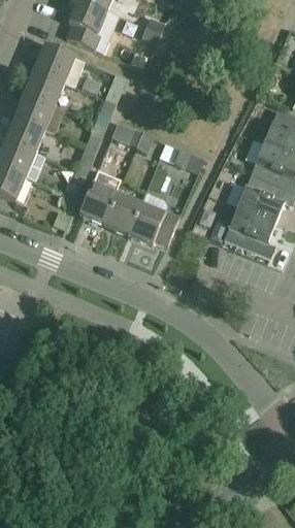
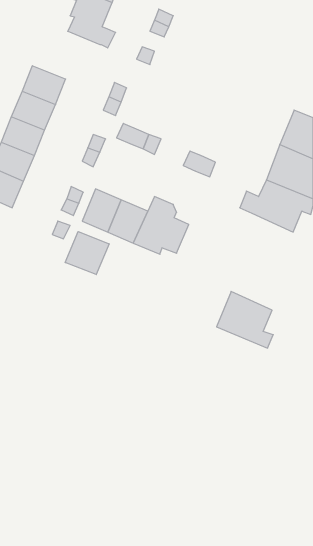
building: [33,44,85,87] -> none
building: [224,206,276,259] -> [217,291,273,348]
building: none -> [65,232,109,275]

